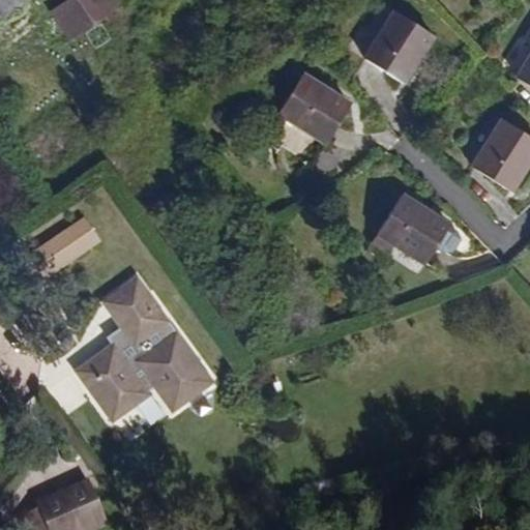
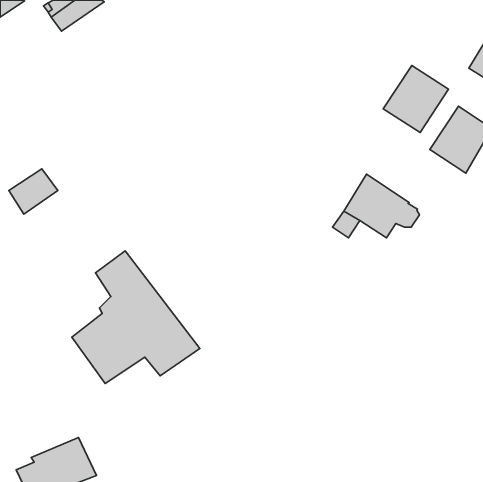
building: [362,9,434,83] -> [383,65,449,133]
building: [277,72,349,141] -> none
building: [50,219,104,269] -> [9,169,58,214]

